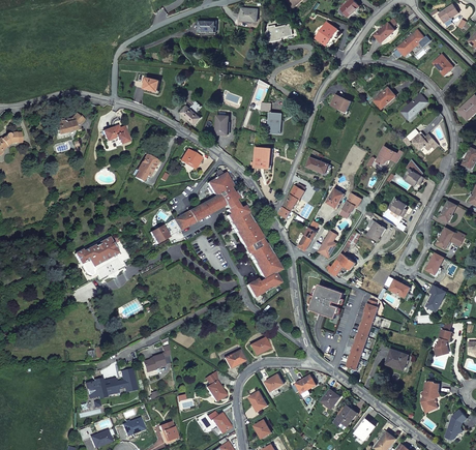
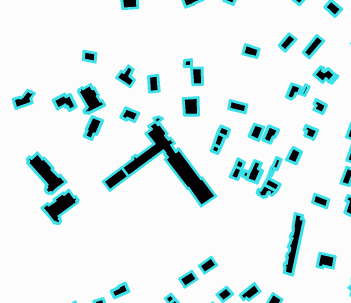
building: none -> [78,84,105,114]
building: none -> [27,153,66,194]
building: [245,267,279,297] -> none
building: [309,283,344,319] -> none

